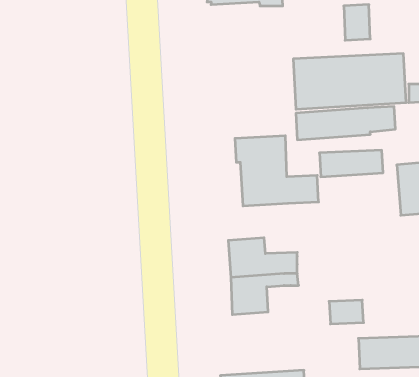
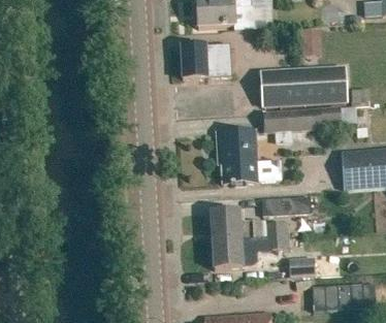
building: none -> [181,42,231,78]
building: [319,150,383,177] -> [261,196,311,217]
building: none -> [266,220,287,247]

